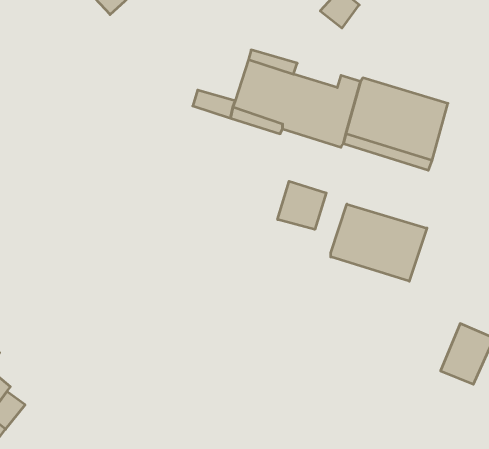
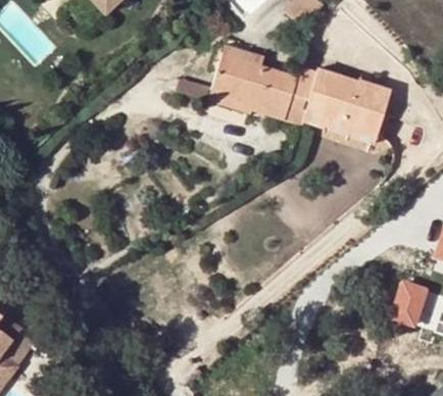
building: [278,181,326,229] -> none
building: [331,204,427,281] -> none

